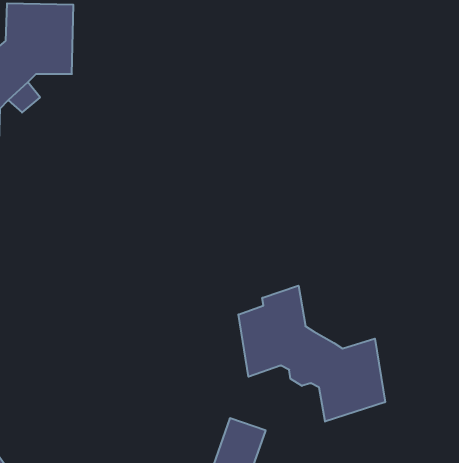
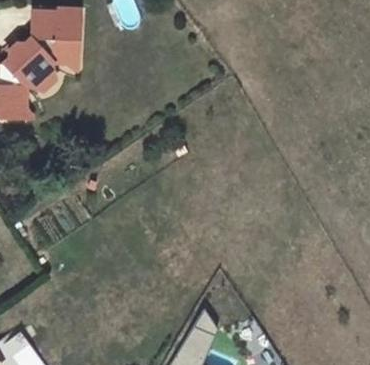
building: [238,286,385,422] -> none

